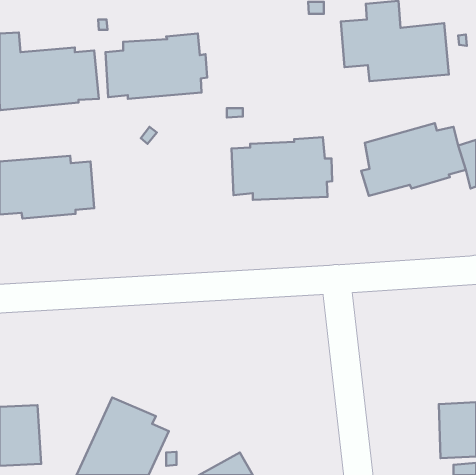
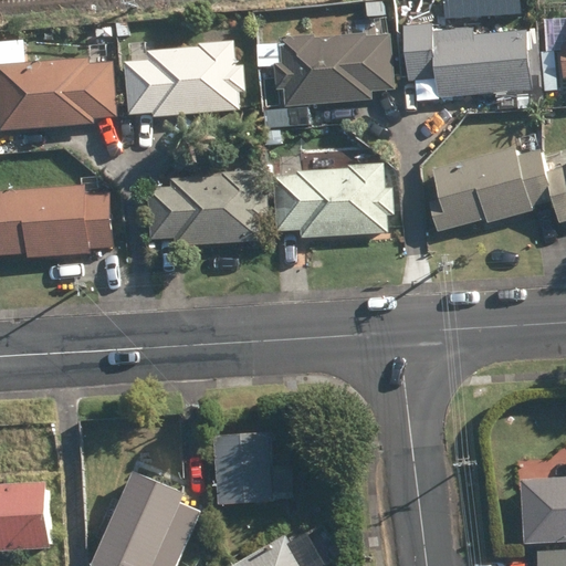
building: none -> [273,32,394,105]
building: none -> [147,170,269,247]
building: none -> [212,429,273,504]

